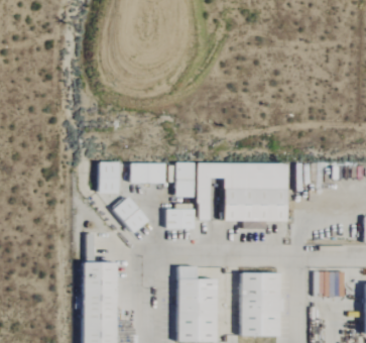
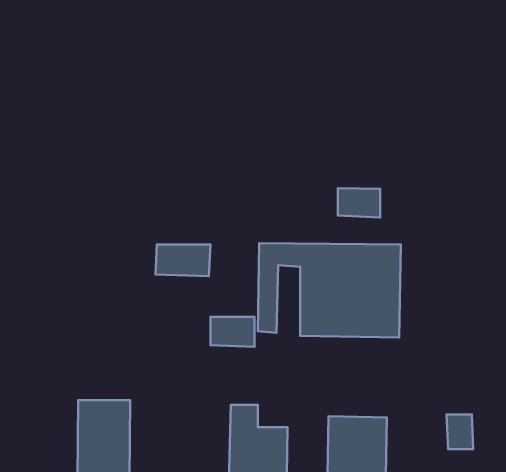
building: none -> [338,188,380,217]
building: [100,161,119,193] -> none
building: [175,162,194,197] -> none
building: [114,197,148,232] -> none

